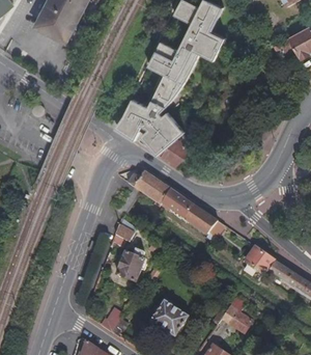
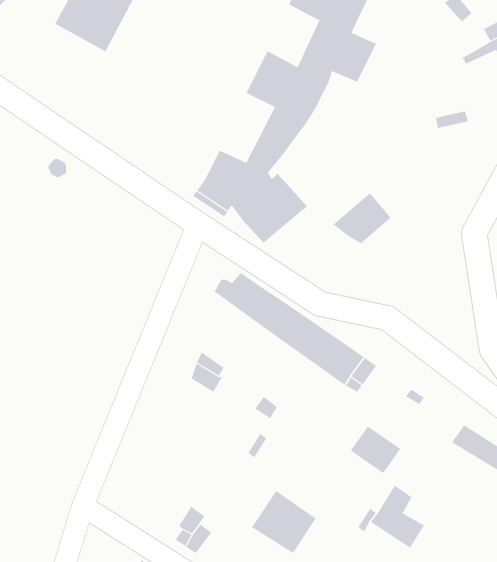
building: [158,136,192,166] -> [333,193,391,244]
building: [245,247,275,275] -> [350,426,401,474]
building: [117,248,144,281] -> none

